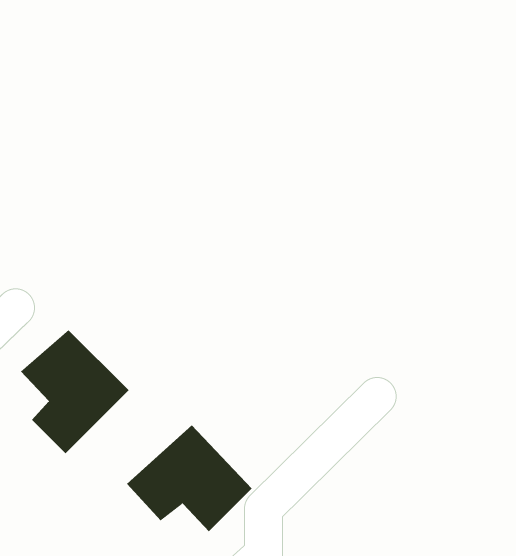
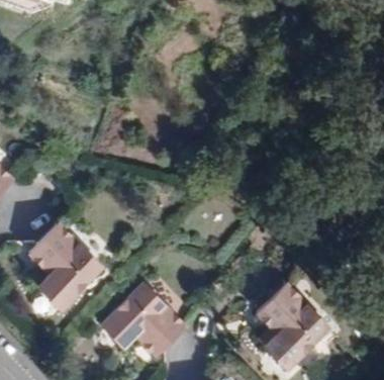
building: none -> [260,285,328,366]

